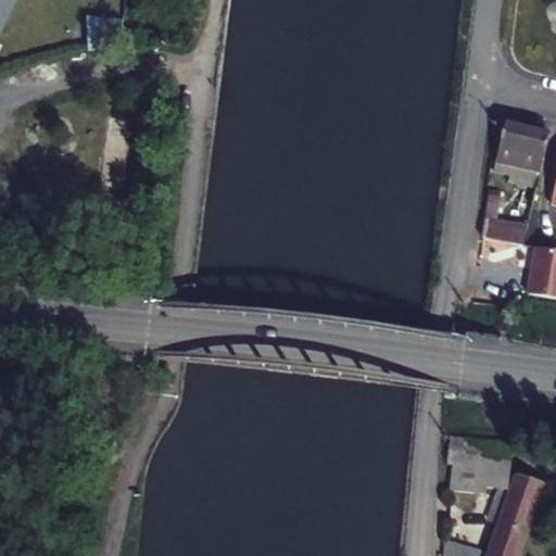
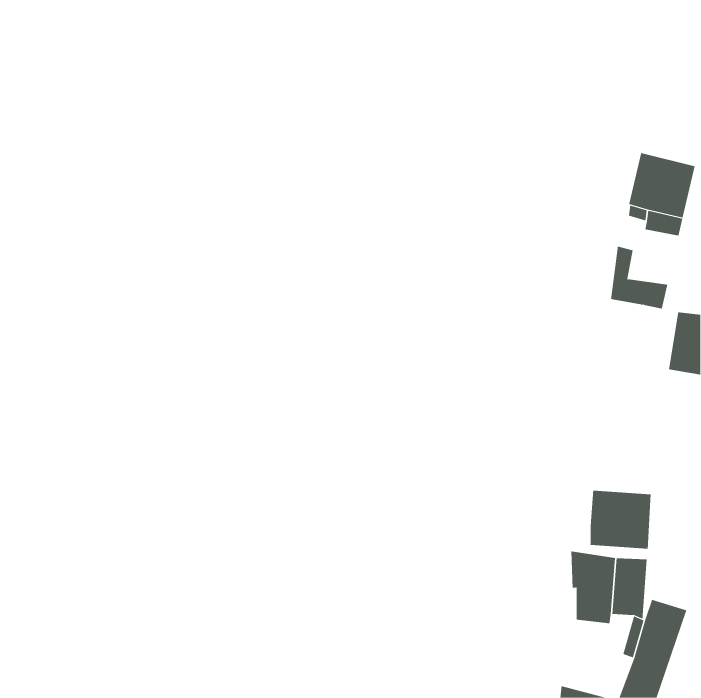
building: none -> [590,490,651,549]

